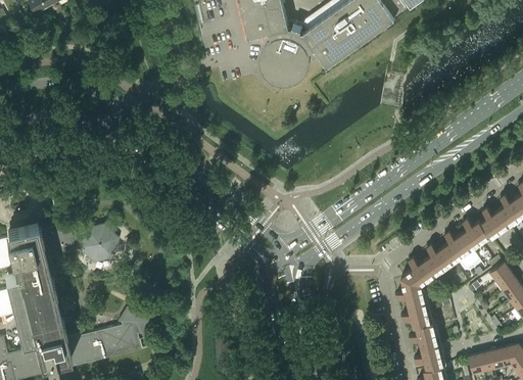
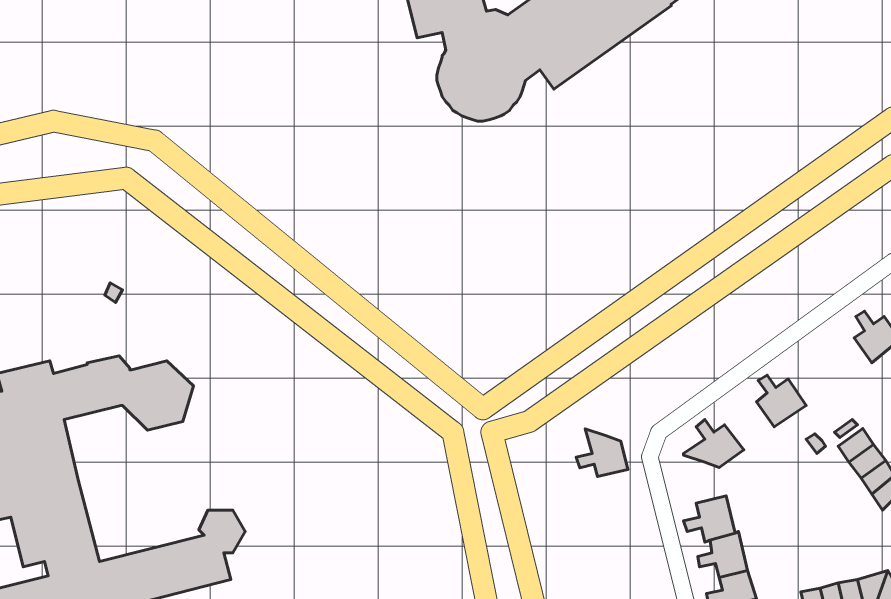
building: [482,206,510,234] -> none
building: [462,218,490,248] -> none
building: [425,243,454,274] -> none
building: [396,277,426,304] -> [576,429,628,477]

